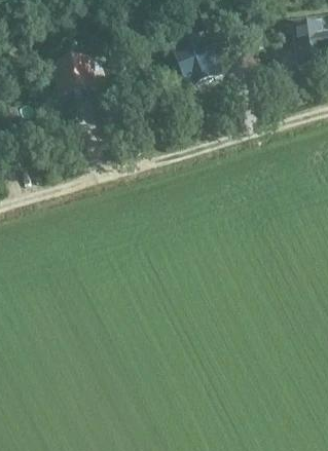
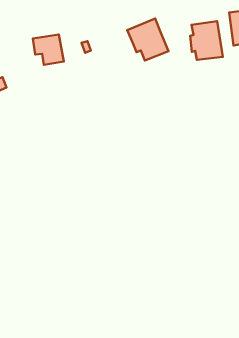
building: none -> [190,21,223,60]

